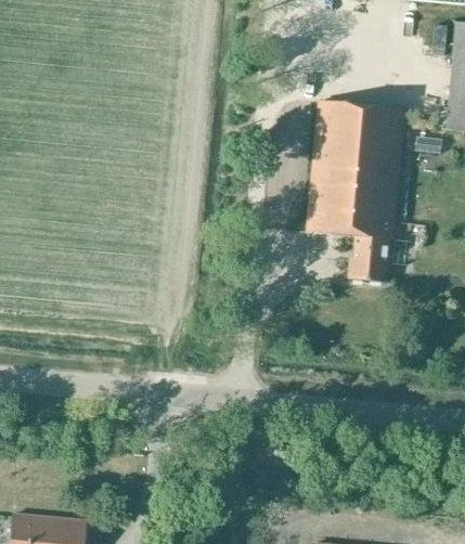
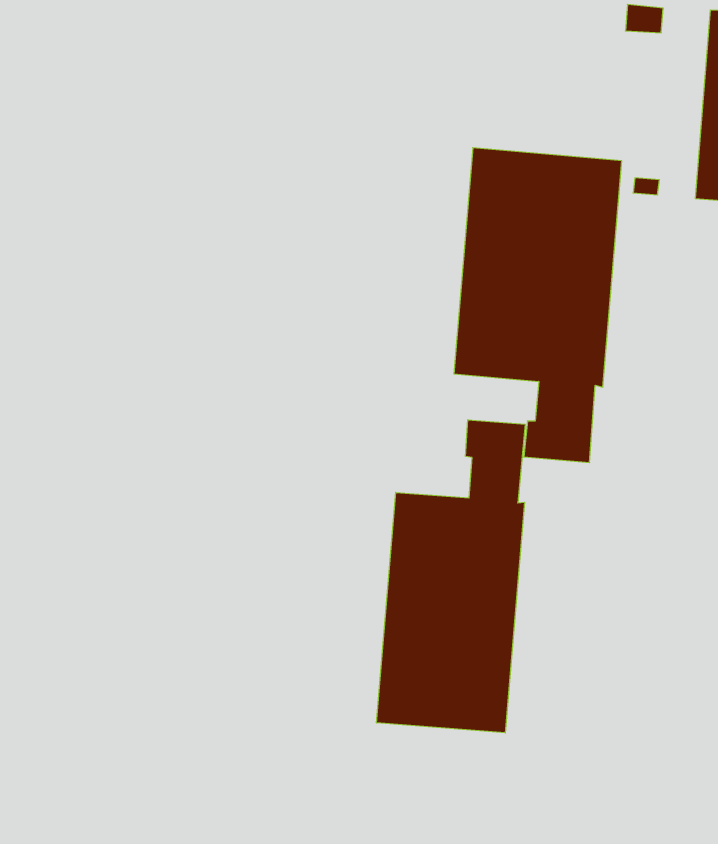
building: none -> [377,420,525,733]

